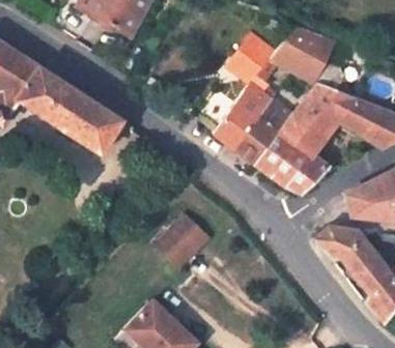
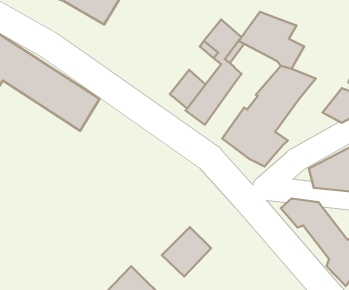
building: [336,98,382,135] -> none
building: [234,100,291,163] -> none
building: [156,216,208,269] -> [162,227,211,276]

